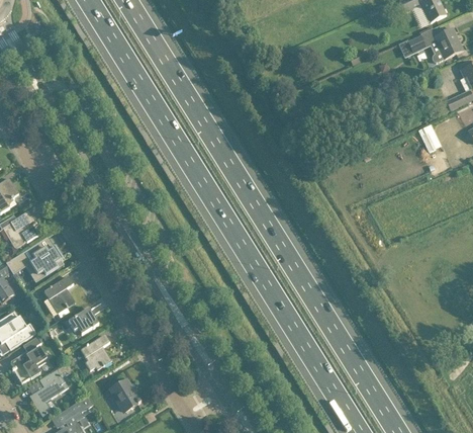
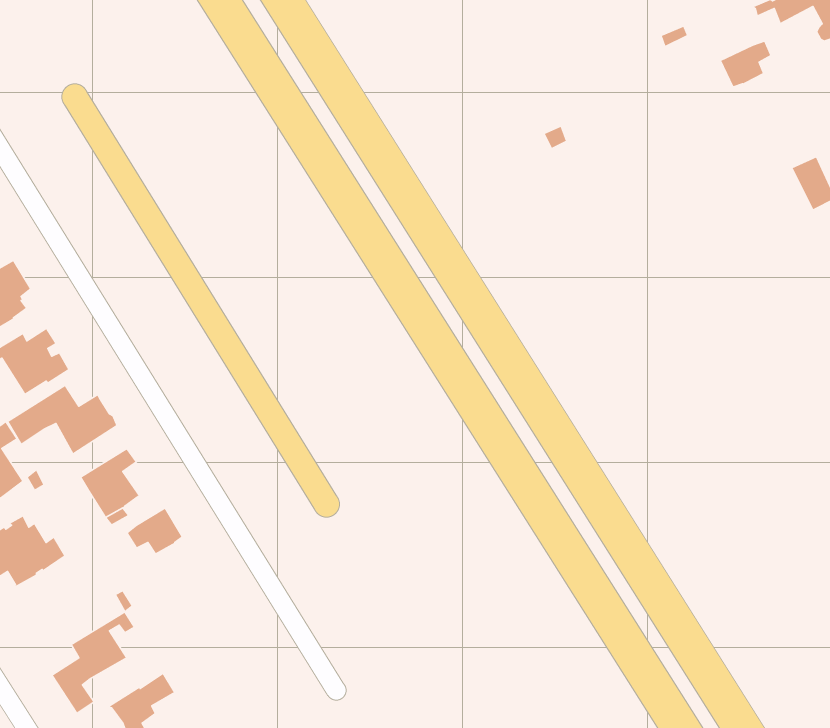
building: none -> [720,41,771,87]
building: [80,334,110,370] -> none
building: [10,336,46,382] -> none
building: [109,378,139,411] -> none

